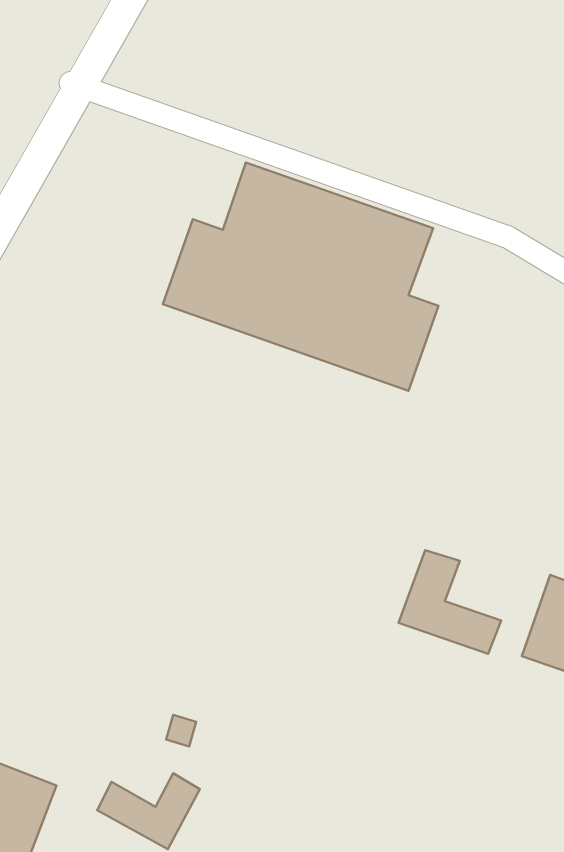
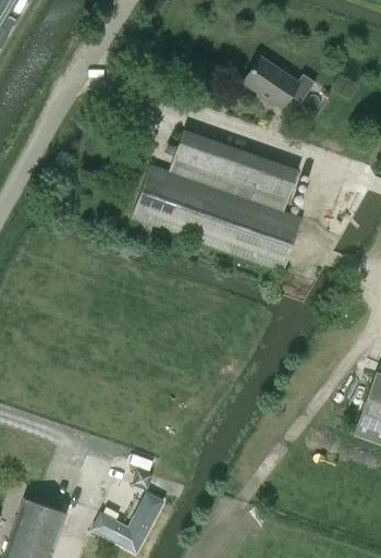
building: none -> [244,56,316,107]
building: [399,550,501,654] -> none

